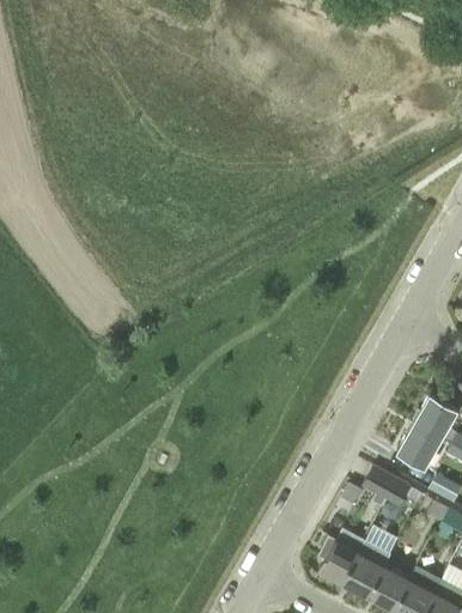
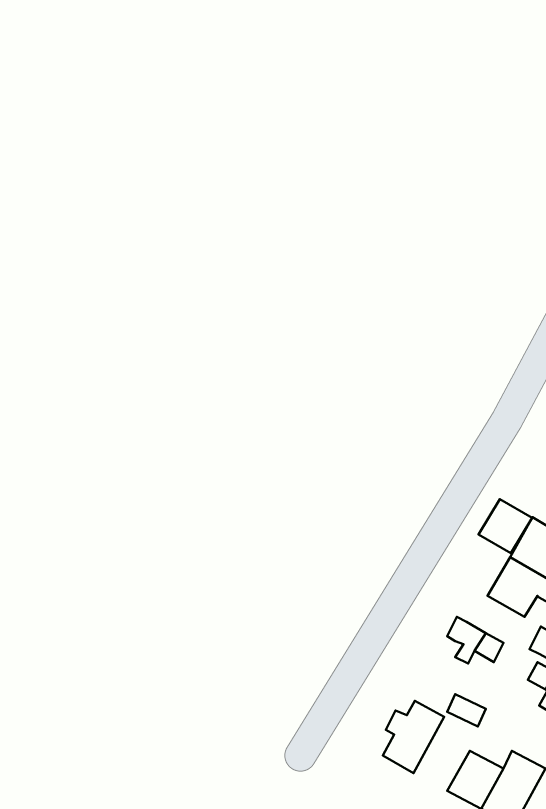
building: none -> [478,499,532,553]
building: [342,542,390,597] -> none

